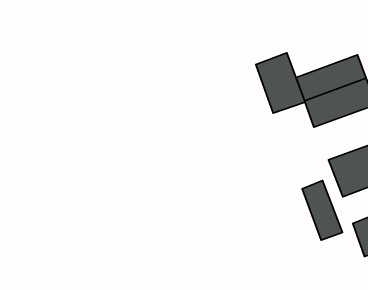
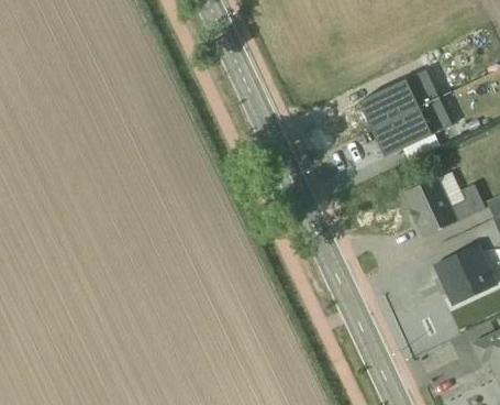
building: [256,53,305,113] -> none
building: [302,181,342,240] -> none

